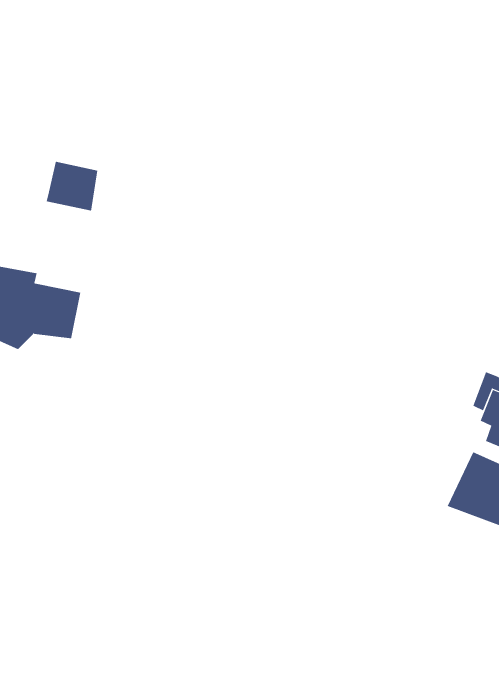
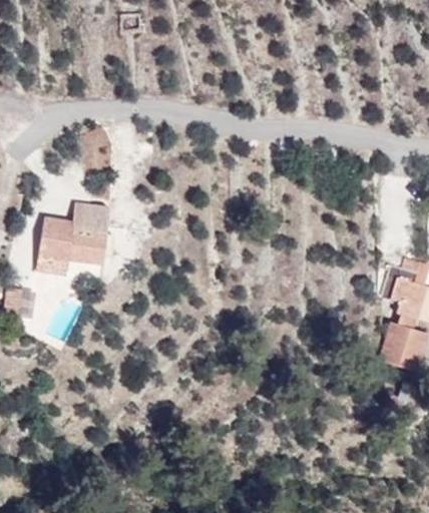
building: [46,161,98,211] -> [73,198,108,231]

